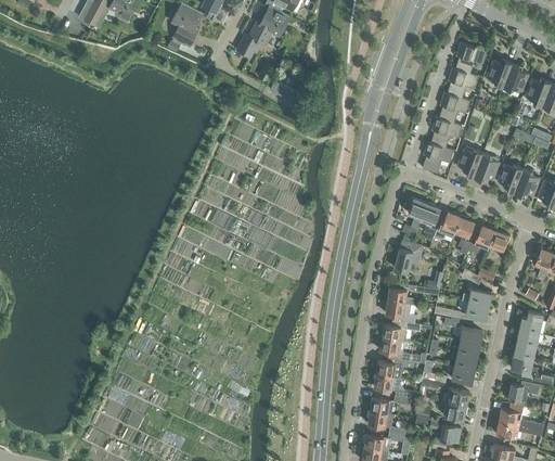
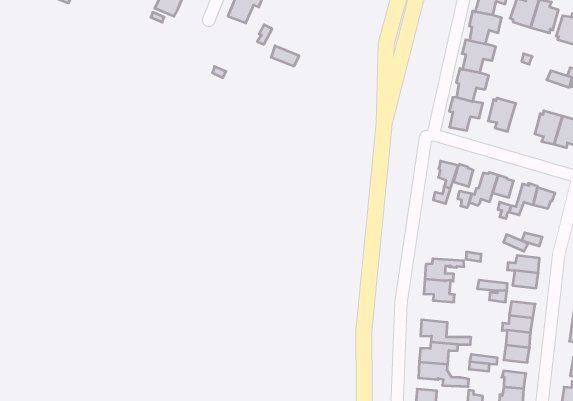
building: [473,154,500,182] -> none
building: [393,241,422,272] -> none
building: [380,321,420,342] -> none

